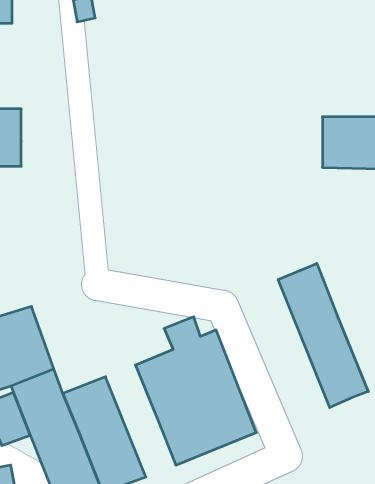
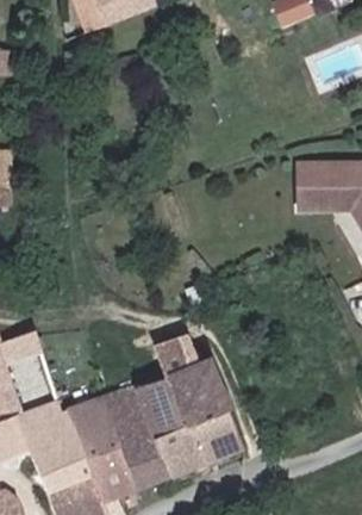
building: [278,263,368,408] -> none
building: none -> [101,389,166,491]

